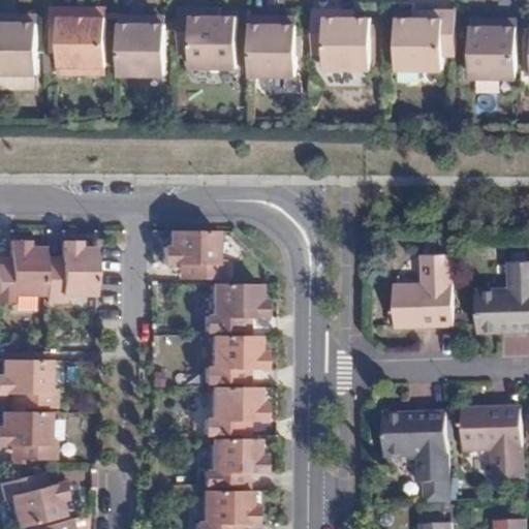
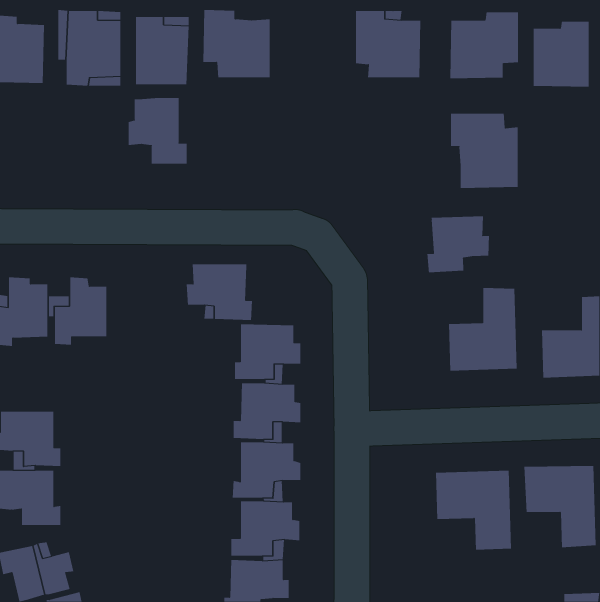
building: [250,14,298,75] -> none
building: none -> [128,97,187,164]
building: none -> [451,113,518,189]
building: none -> [427,216,489,273]

